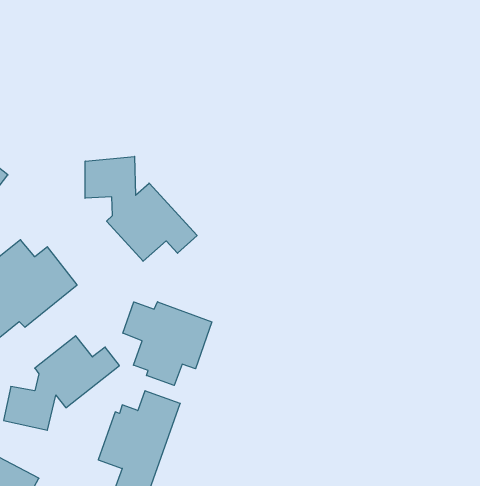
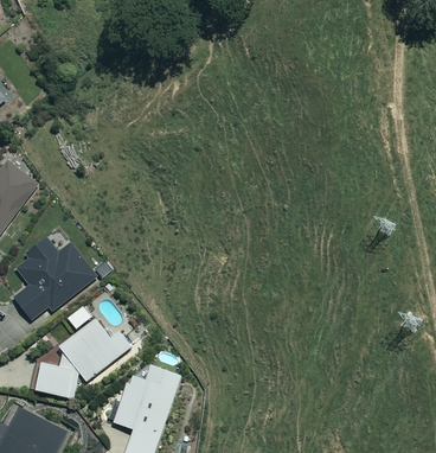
building: [85,156,197,261] -> none
building: [123,302,212,385] -> none

